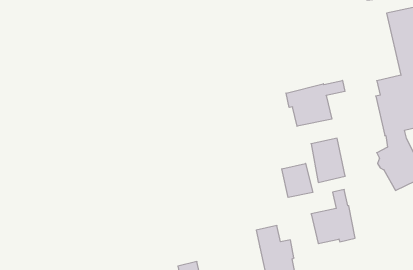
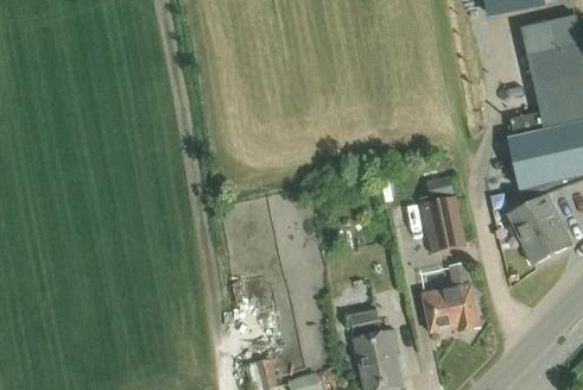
building: [286,80,345,126] -> none
building: [282,163,313,197] -> none

